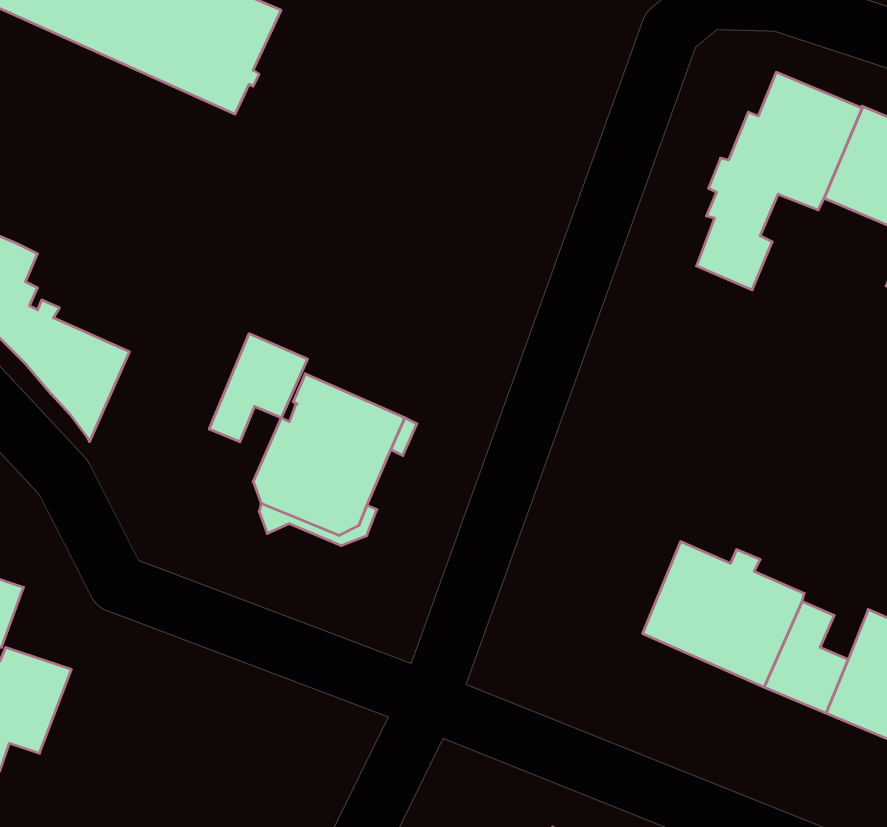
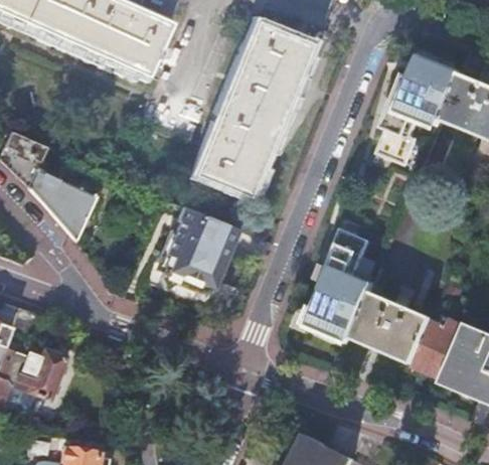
building: none -> [194,25,308,201]
building: [209,334,307,442] -> none
building: none -> [297,230,375,343]

